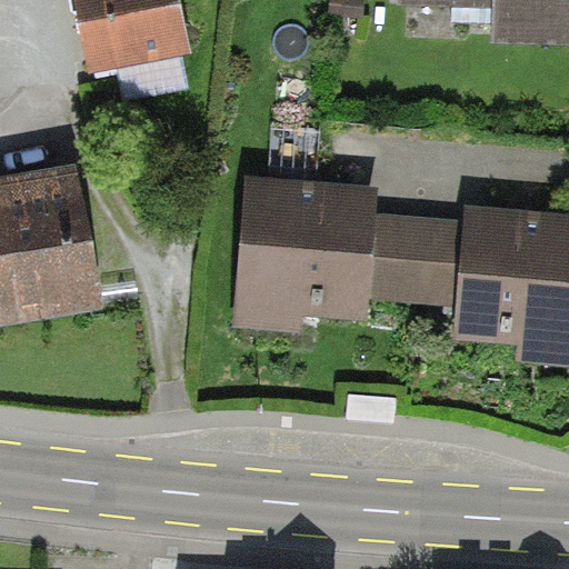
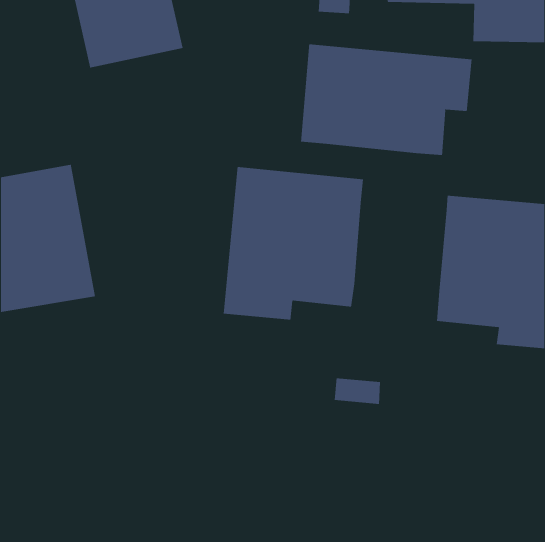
building: none -> [301,43,472,156]
building: [370,211,465,303] -> none

